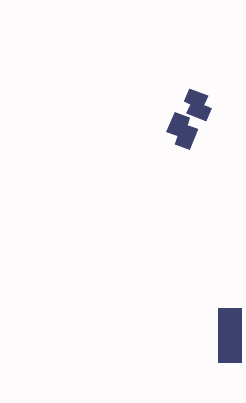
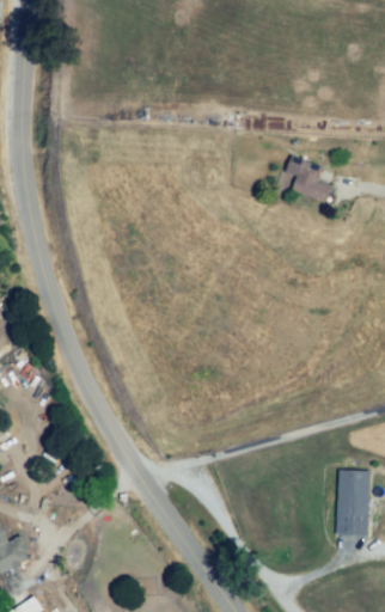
building: [165,111,199,151] -> none

